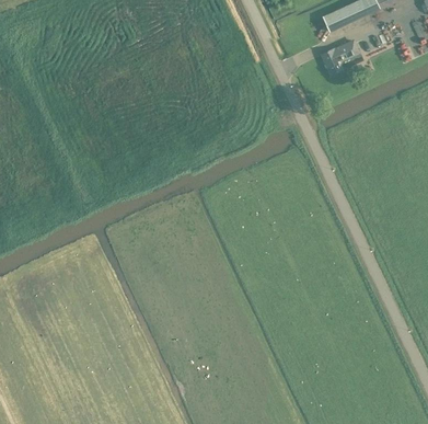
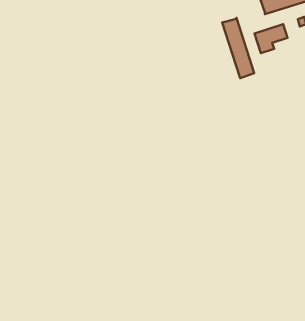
building: none -> [222,18,254,78]

